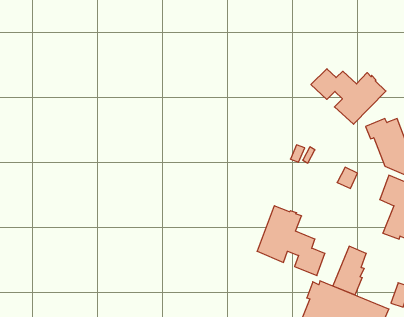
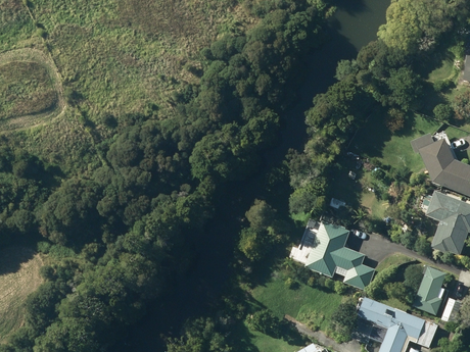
building: [311,69,386,124] -> none
building: [333,246,366,295] -> [414,266,448,315]

